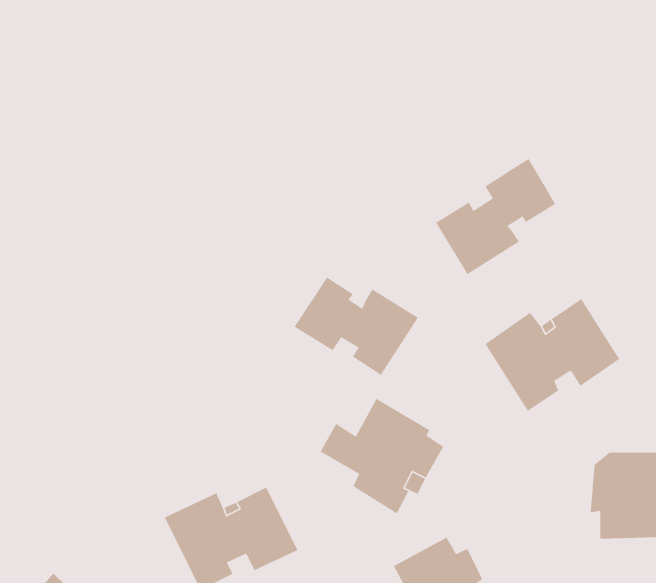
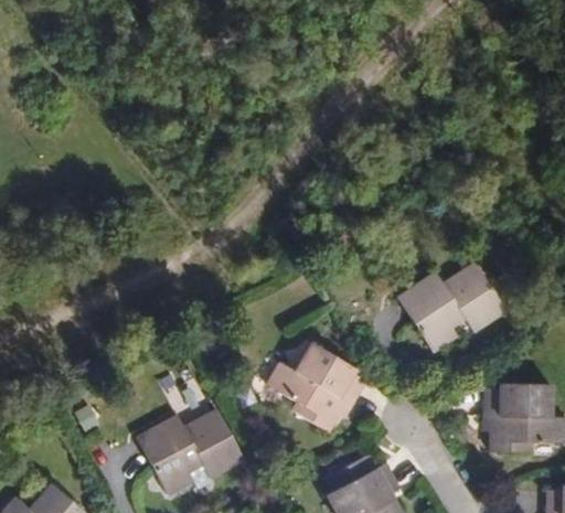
building: [435,158,556,275] -> none
building: [294,276,419,376] -> none

